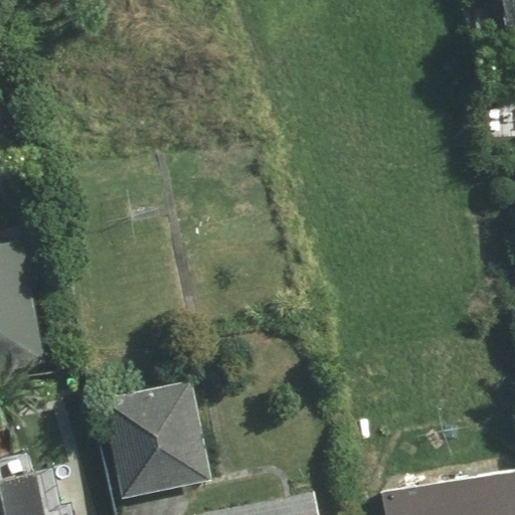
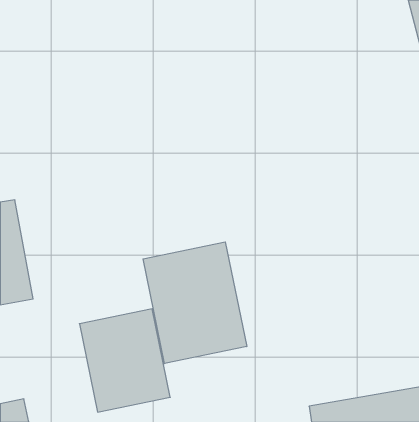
building: none -> [143,242,247,364]

